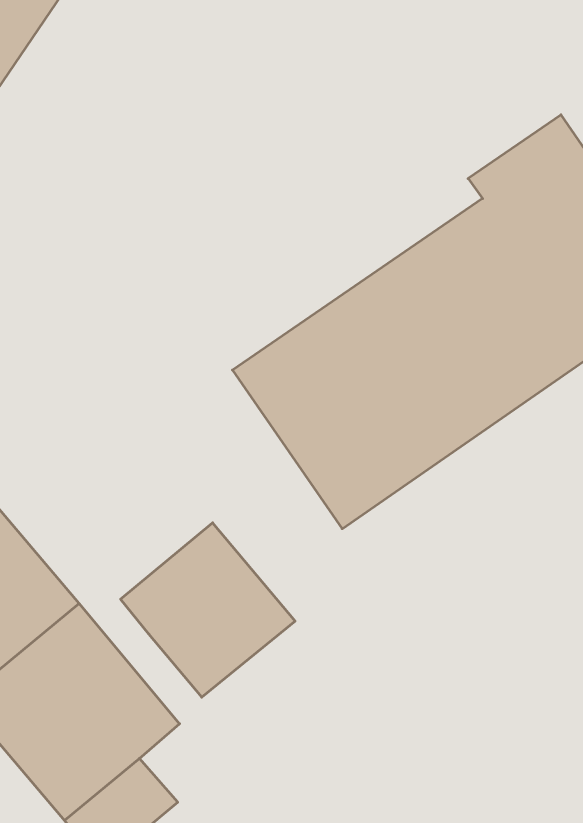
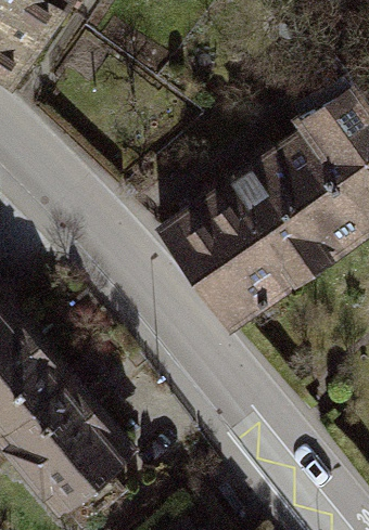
building: [121,523,295,697] -> none

